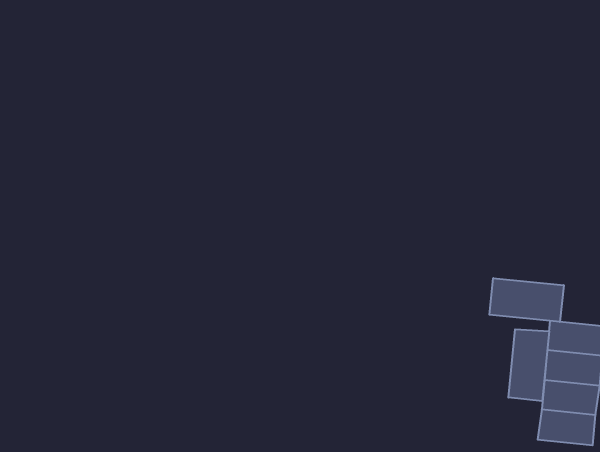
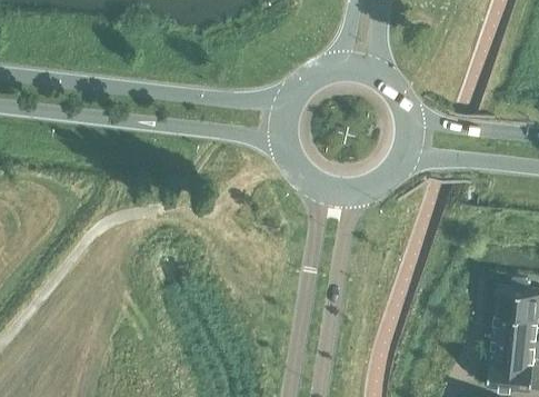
building: [489,278,564,322] -> none
building: [508,329,549,401] -> none

